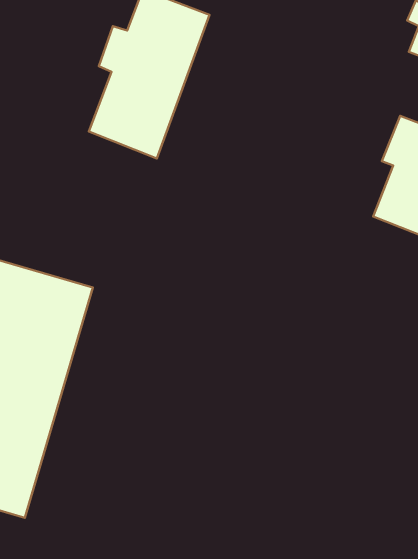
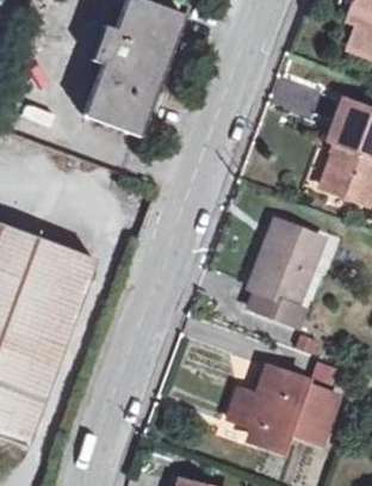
building: none -> [253,219,324,324]
building: none -> [231,363,341,450]

